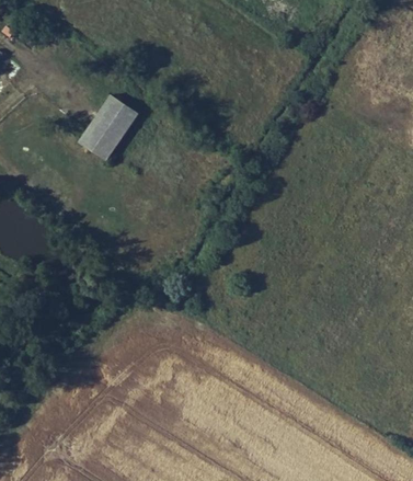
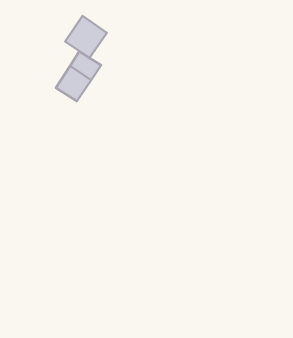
building: none -> [65,16,107,58]

